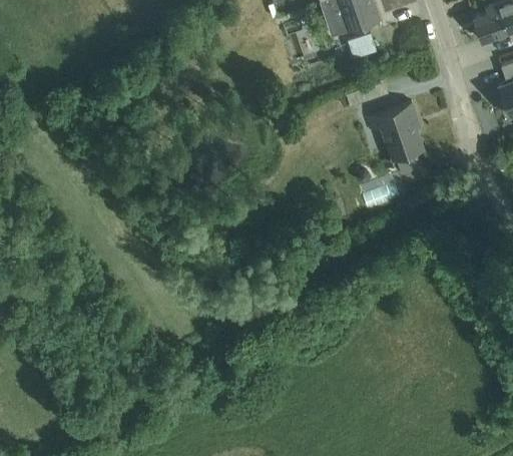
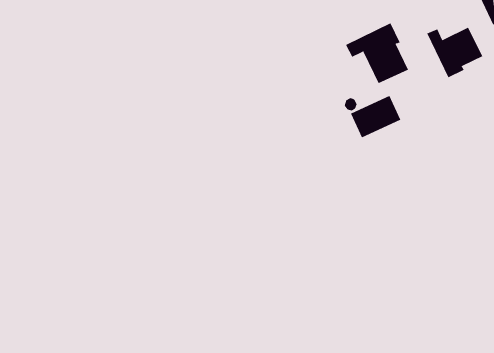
building: none -> [427,27,483,78]

